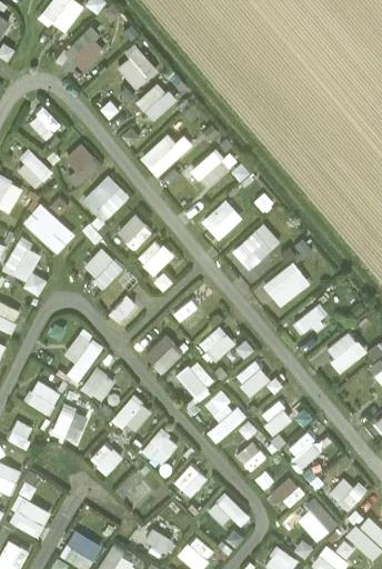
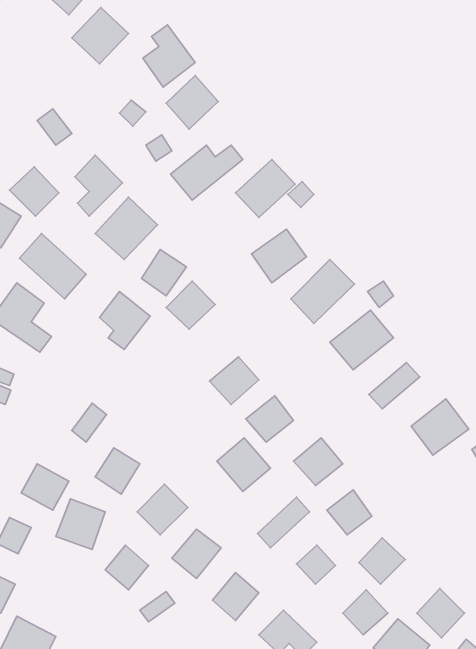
building: [143,336,181,375] -> none

